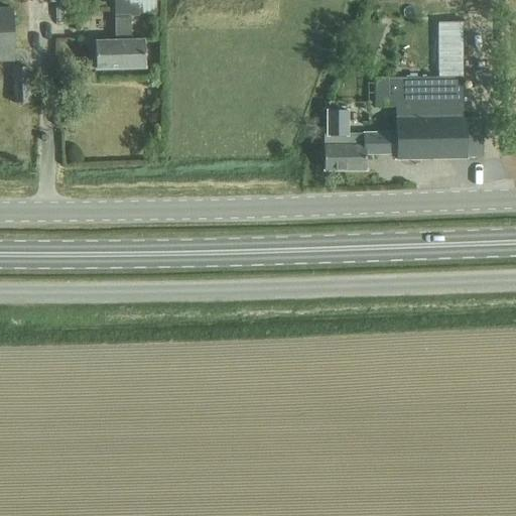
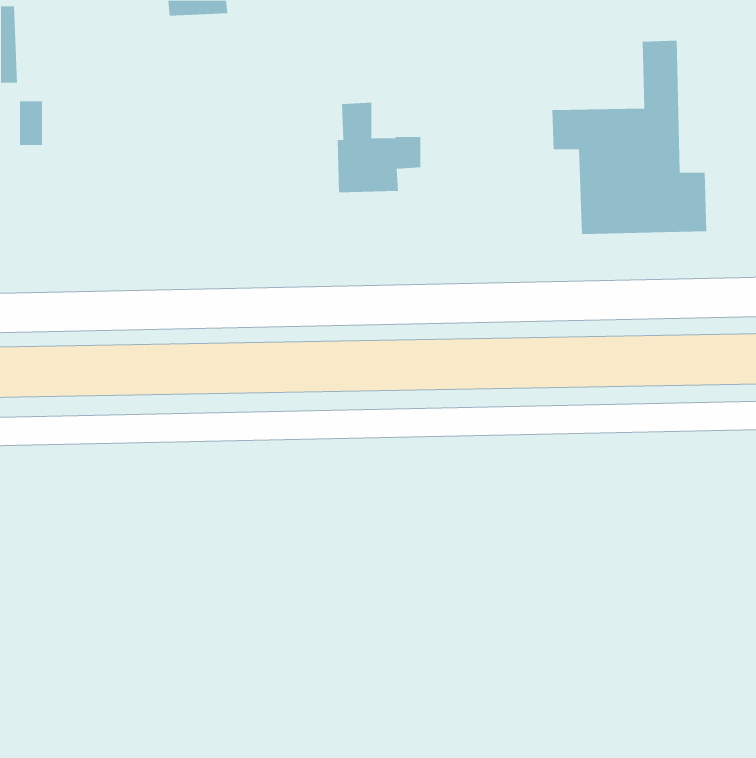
building: [95,13,145,67] -> none
building: [325,110,382,171] -> [337,102,421,193]

